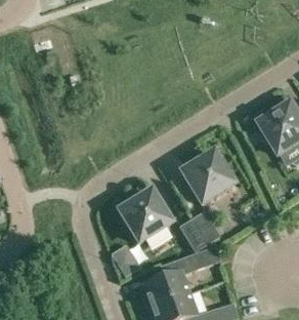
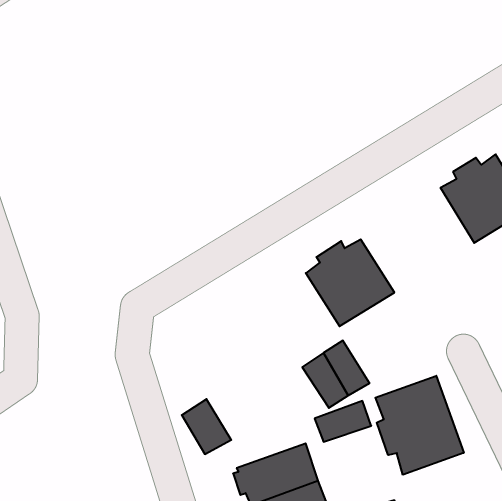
building: [120,191,170,241] -> none
building: none -> [375,376,464,475]

